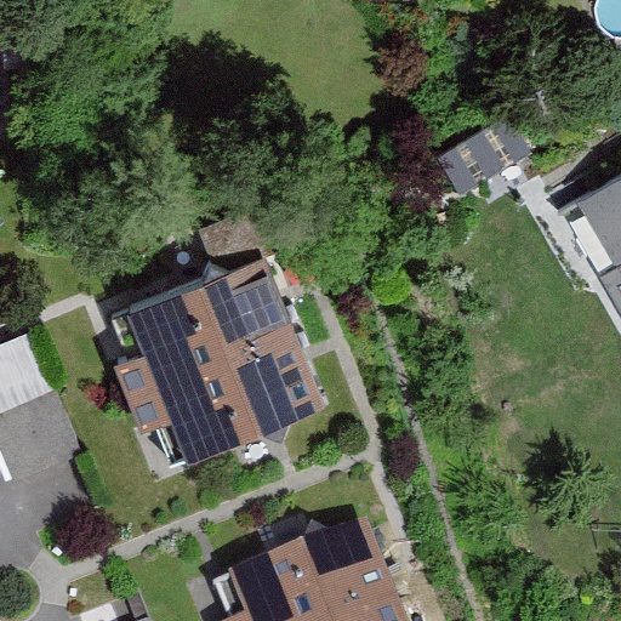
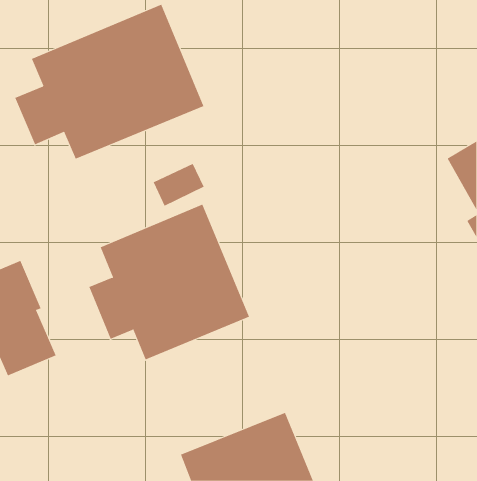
building: none -> [15,4,204,160]

